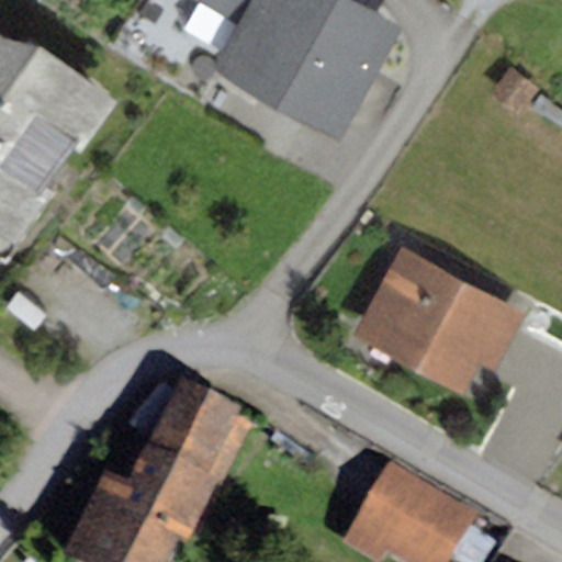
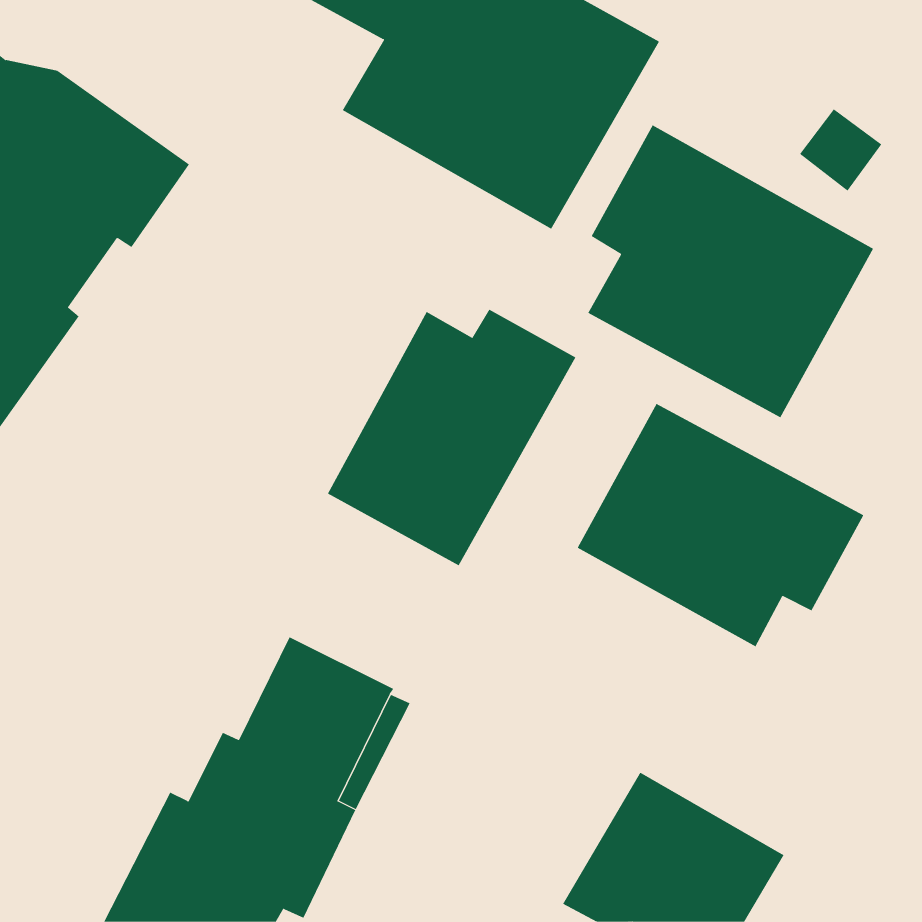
building: none -> [587,124,874,418]
building: none -> [327,309,576,566]

